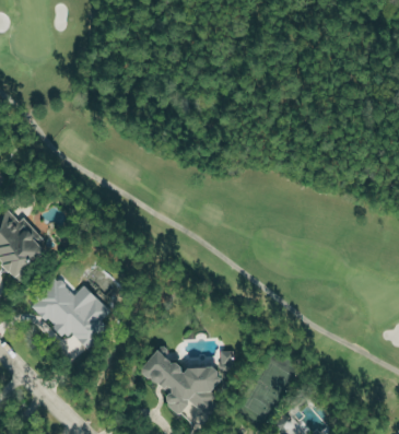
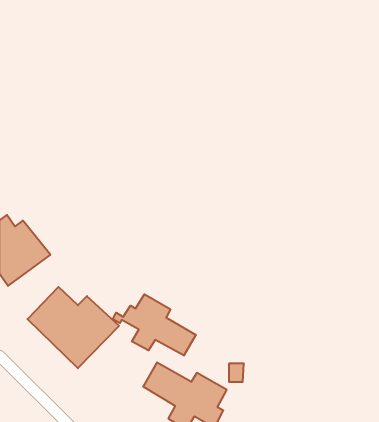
building: none -> [113,294,196,356]

